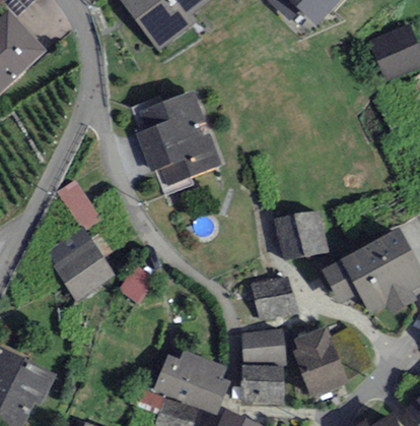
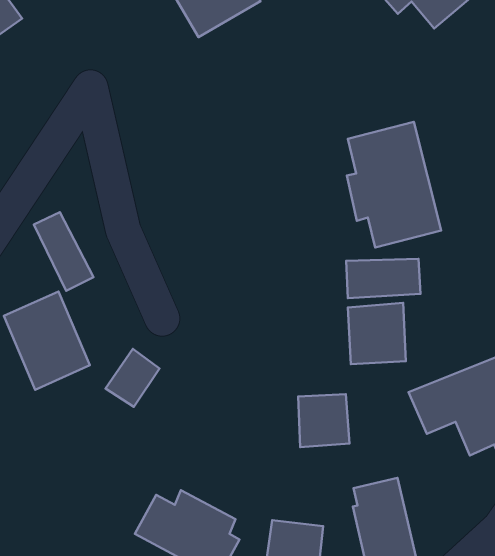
building: [145,95,214,181] -> [347,122,441,247]
building: none -> [346,259,421,298]
building: [243,333,282,367] -> none

